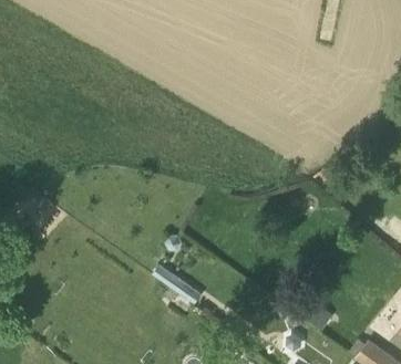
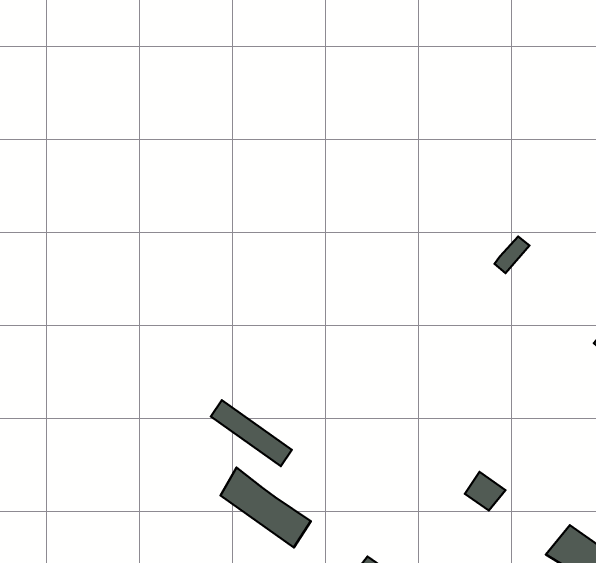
building: none -> [220,467,311,548]

